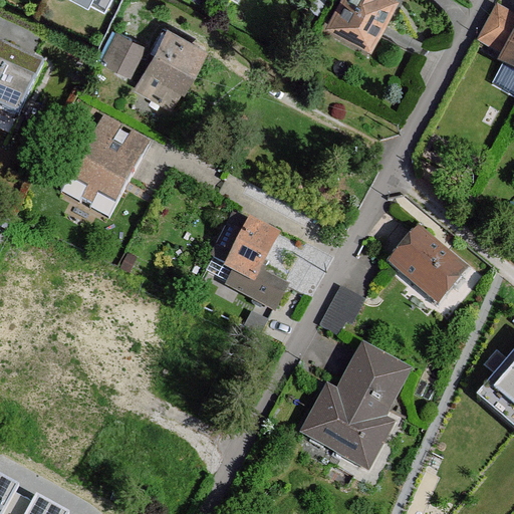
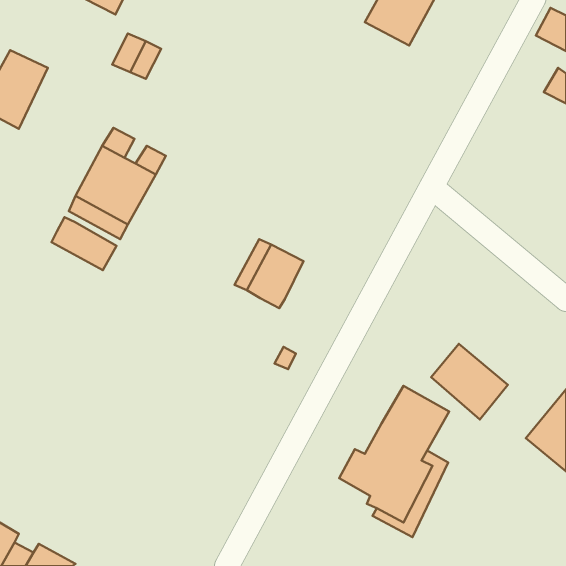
building: [139,30,197,100] -> none
building: none -> [52,217,116,270]
building: [394,232,463,300] -> [431,344,508,419]
building: [229,269,285,306] -> none
building: [319,287,363,334] -> none

